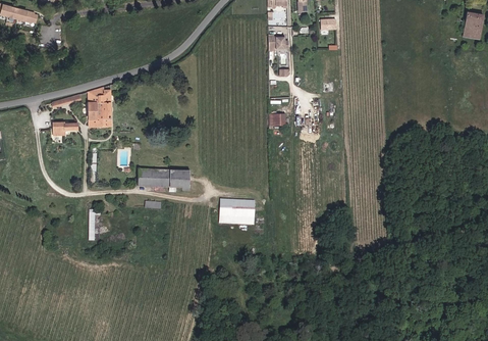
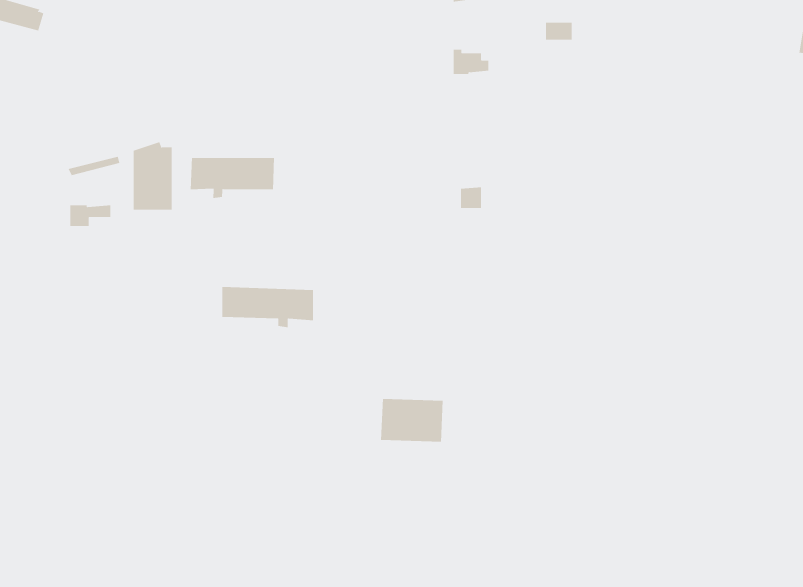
building: none -> [190,157,274,199]
building: [220,200,256,225] -> [380,399,444,442]

